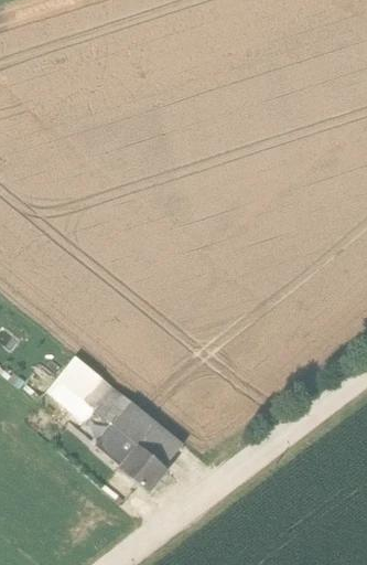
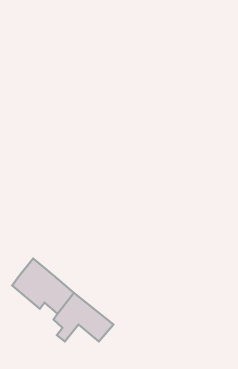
building: [117,445,168,494] -> none

